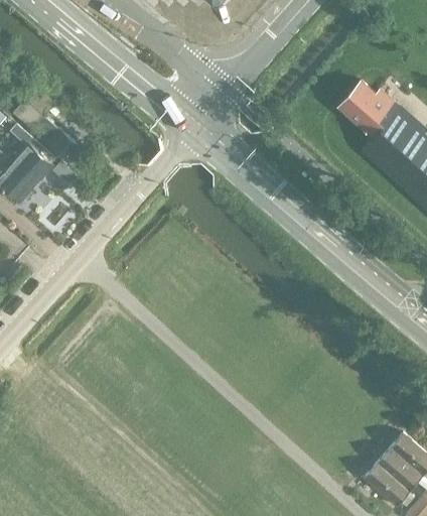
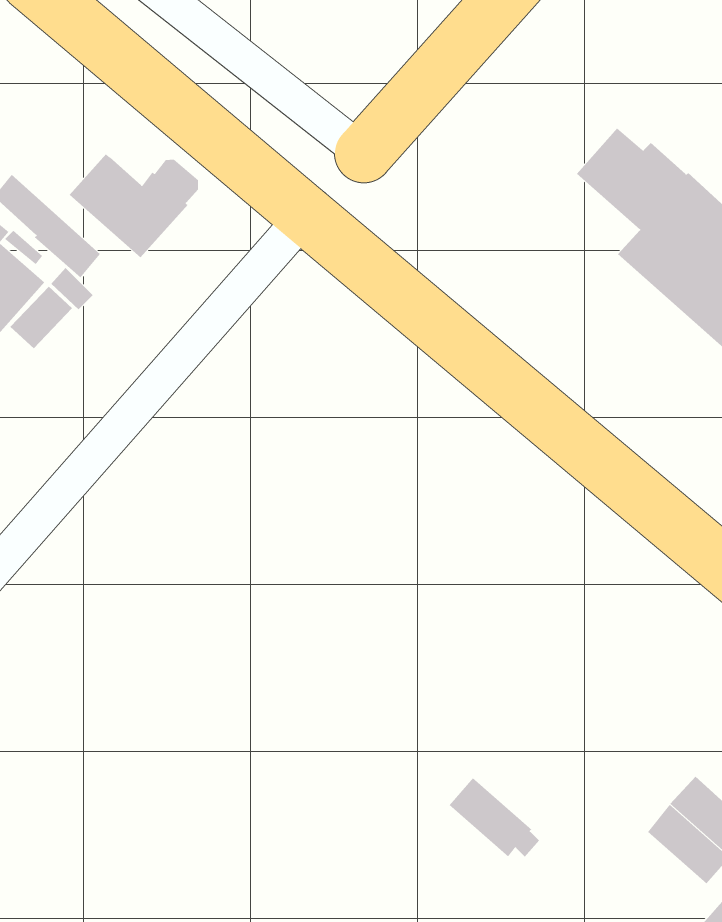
building: none -> [69,153,199,258]
building: [364,463,413,506] -> [449,777,540,857]

